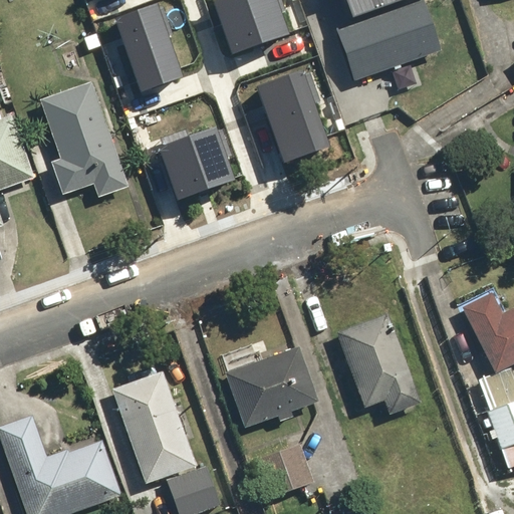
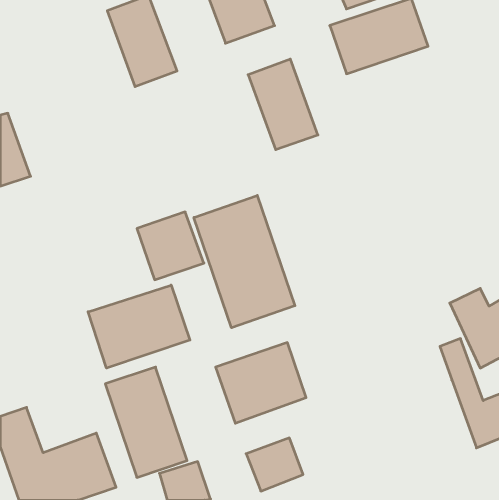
building: [40,85,127,202] -> none
building: [164,119,232,189] -> [137,212,204,280]
building: none -> [194,195,295,328]
building: none -> [88,285,190,368]
building: [332,313,421,419] -> none

